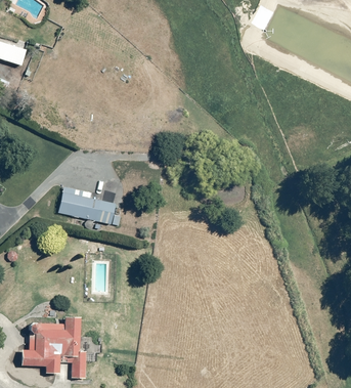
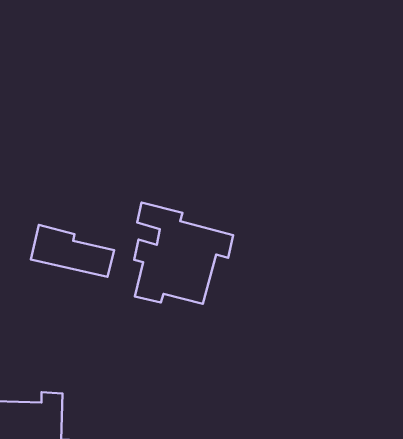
building: none -> [134,202,233,304]

